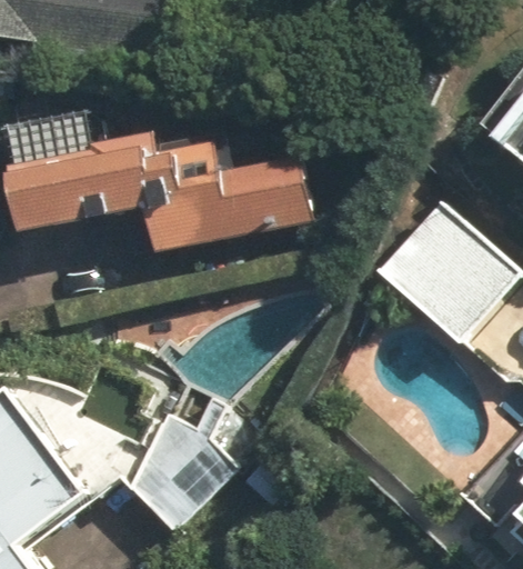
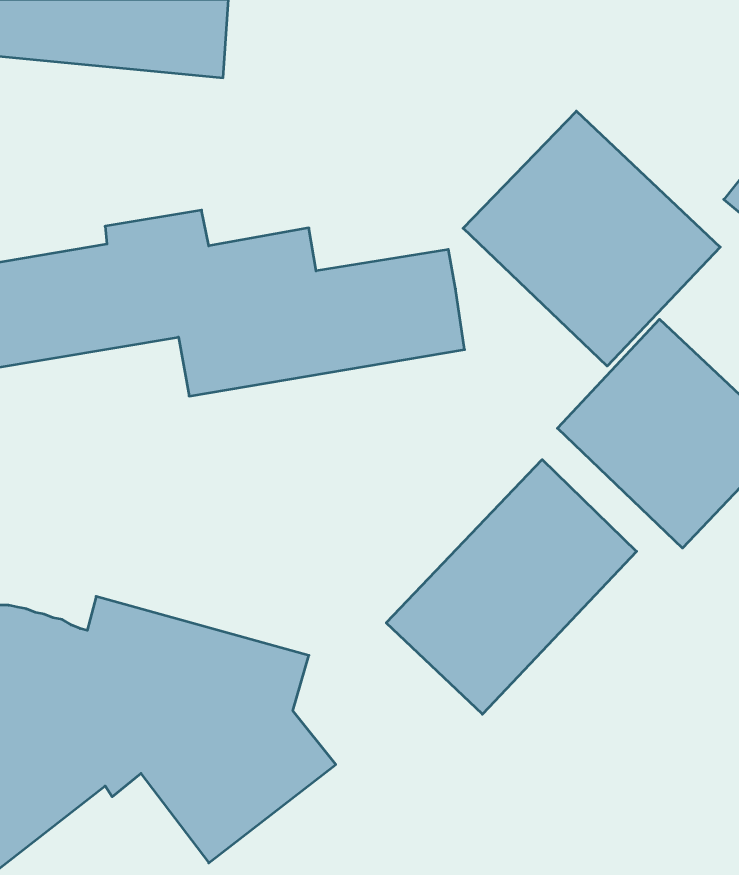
building: none -> [463,111,720,366]
building: none -> [386,460,637,714]

